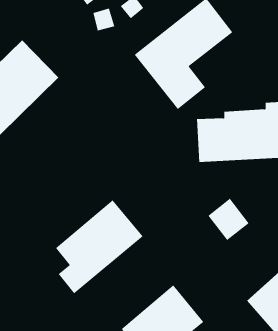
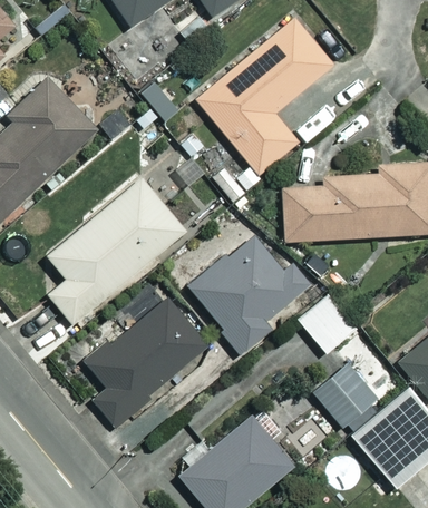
building: none -> [48,177,185,323]
building: none -> [187,231,304,361]
building: none -> [312,360,376,426]

